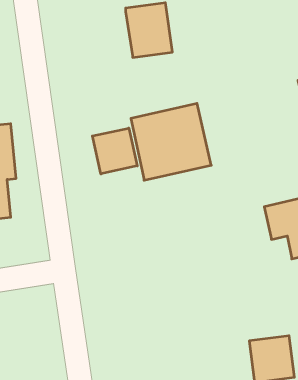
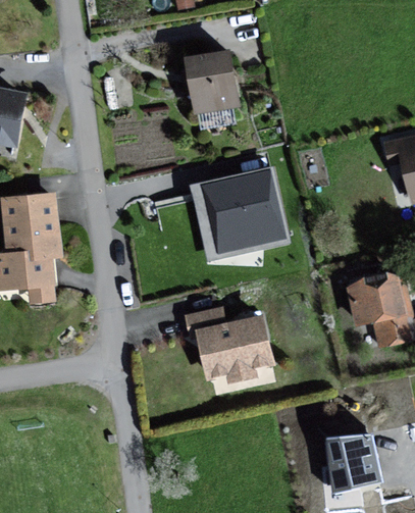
building: [92,128,137,174] -> none
building: none -> [189,305,276,383]

